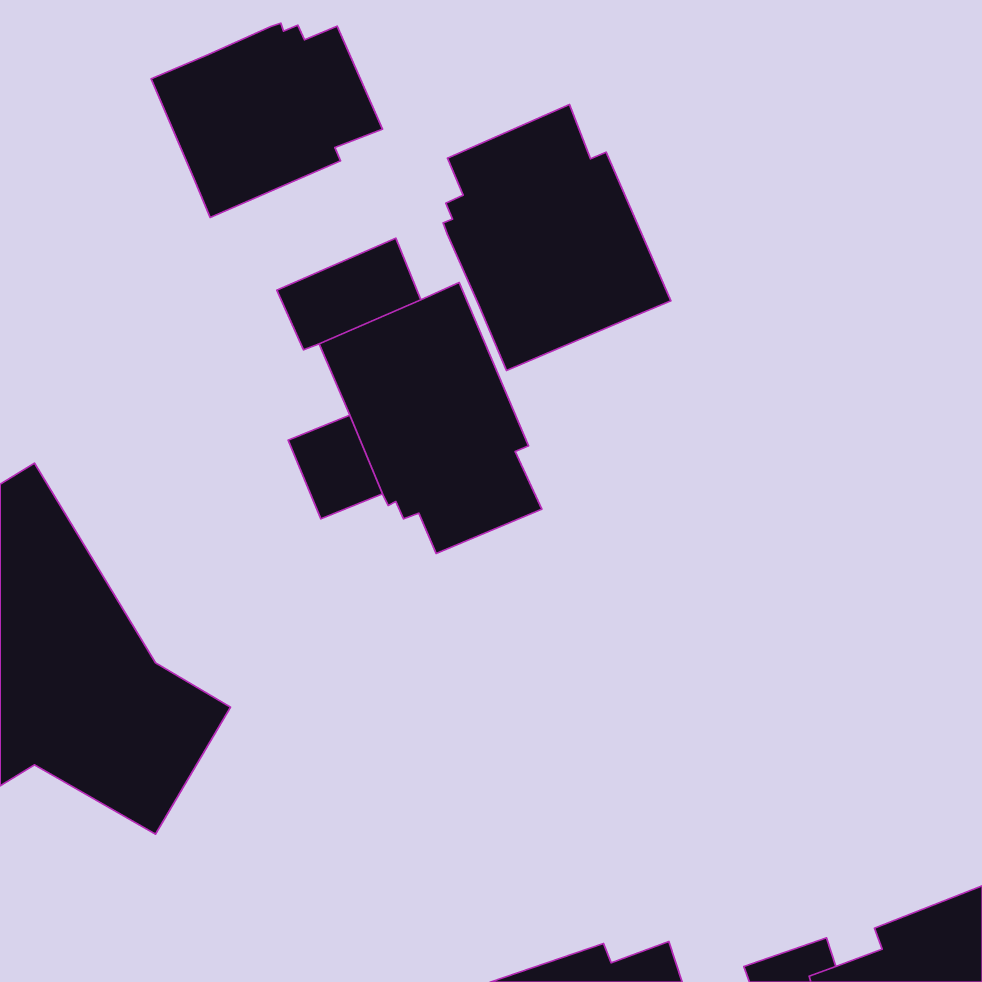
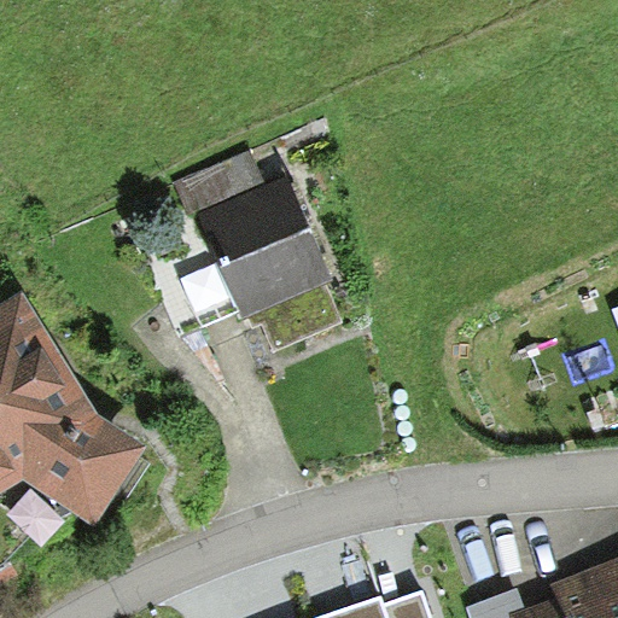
building: [151,23,382,218] -> none
building: [443,104,671,371] -> none

